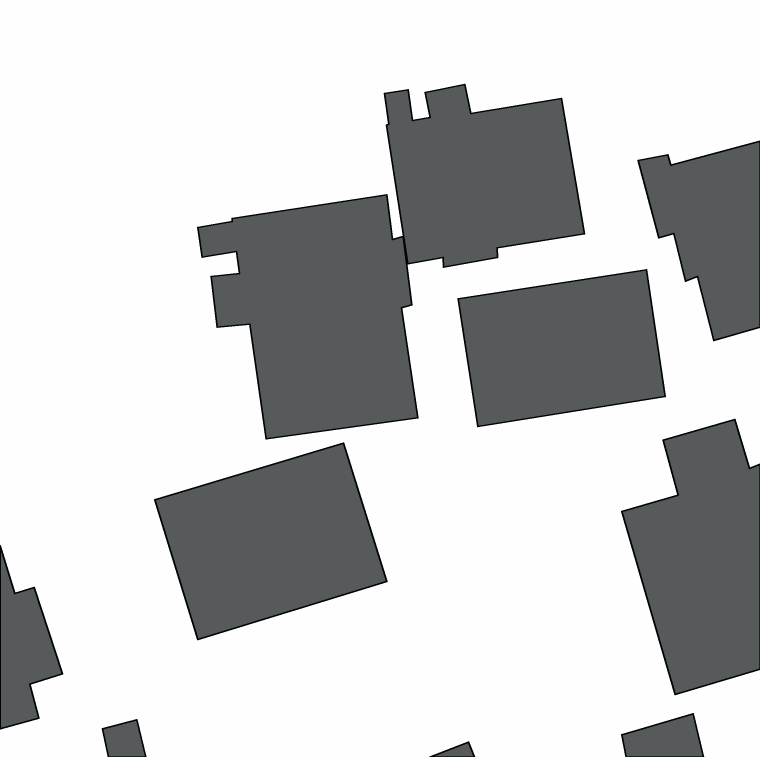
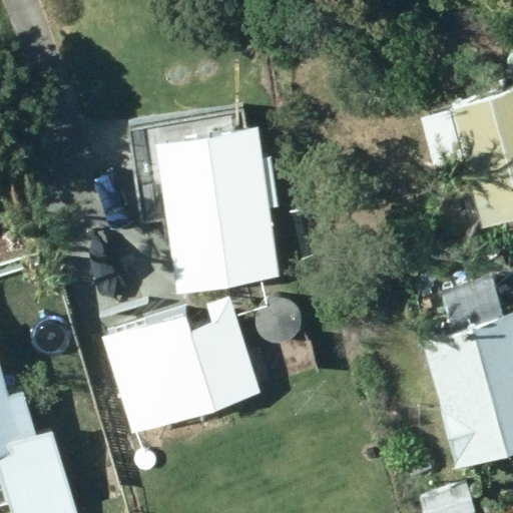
building: [385,85,584,267] -> none
building: [458,270,665,427] -> none

